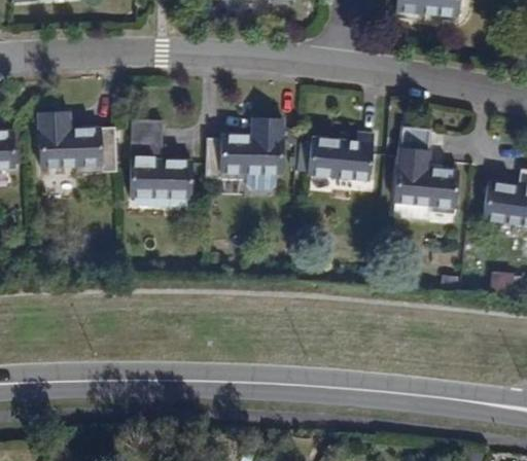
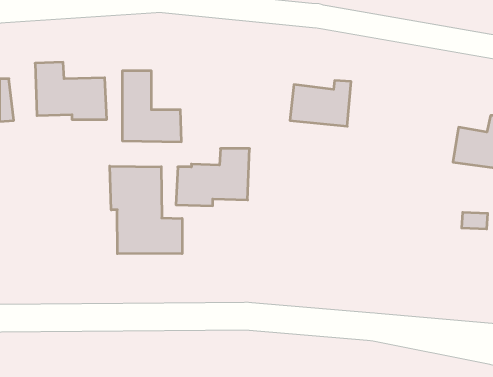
building: [206,116,284,177] -> [176,149,250,206]
building: [396,145,461,213] -> none
building: none -> [110,166,182,254]

